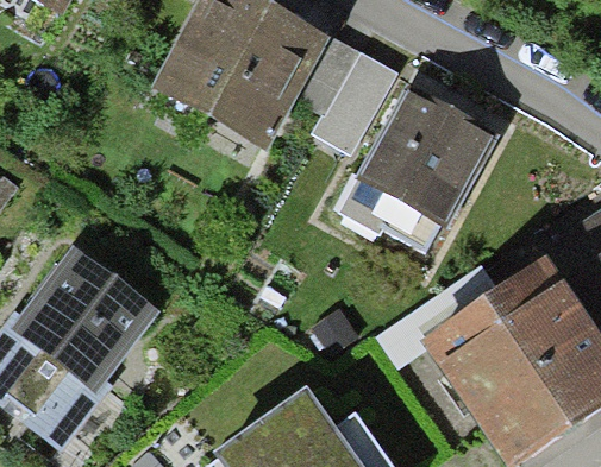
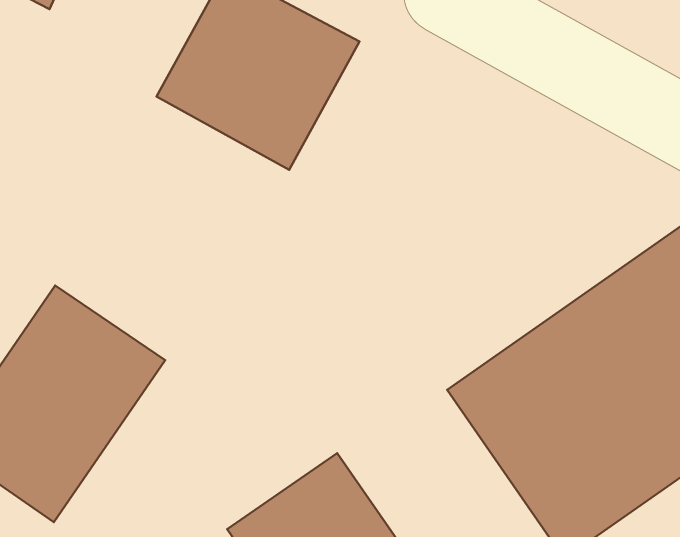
building: [324,62,495,247] -> none

